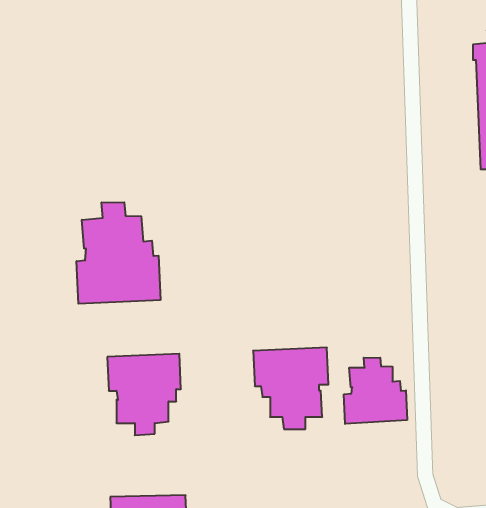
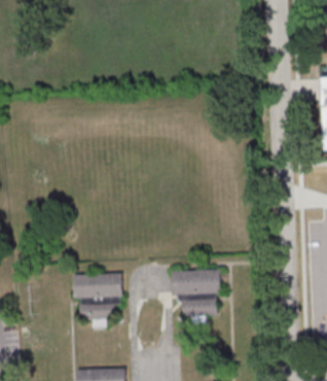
building: [77,202,160,304] -> none
building: [344,358,407,424] -> none

